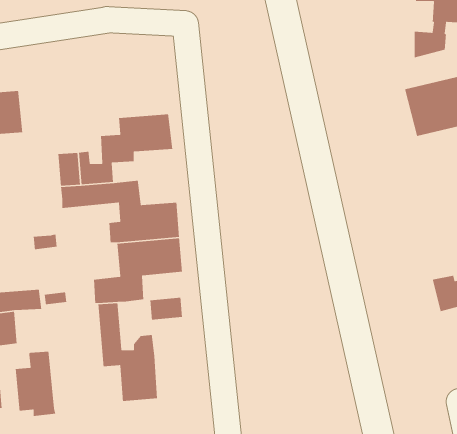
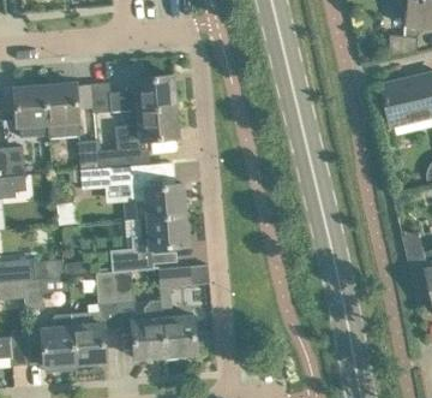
building: none -> [91,76,175,113]
building: none -> [44,83,80,138]
building: none -> [71,273,118,364]
building: none -> [163,316,197,356]

